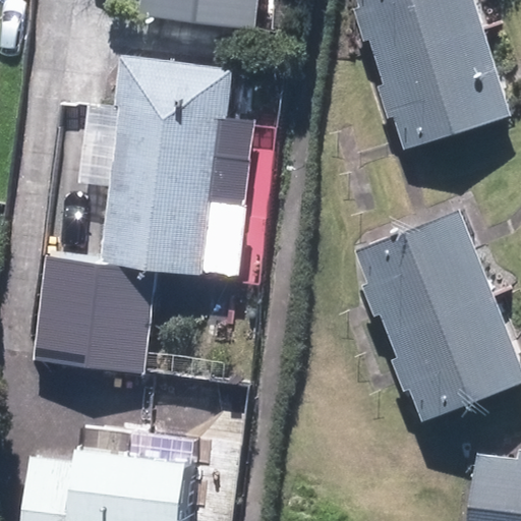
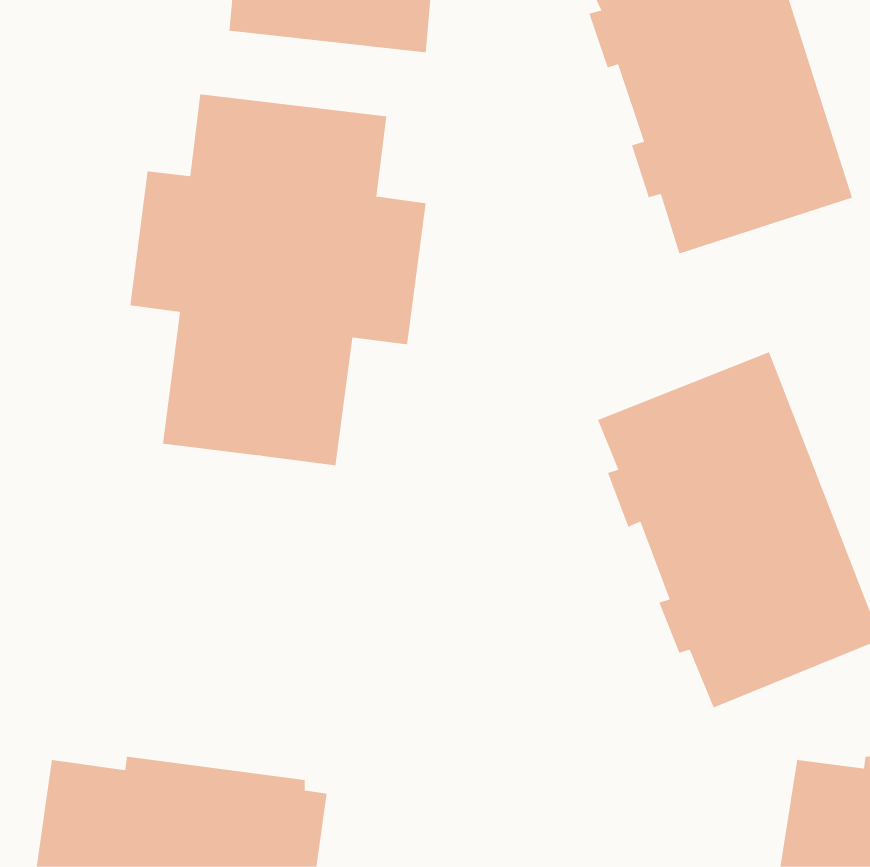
building: [33,257,156,373] -> none

